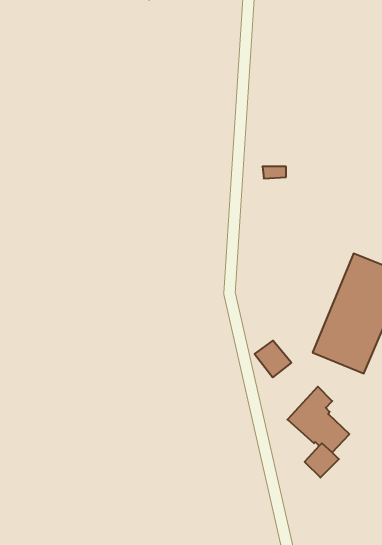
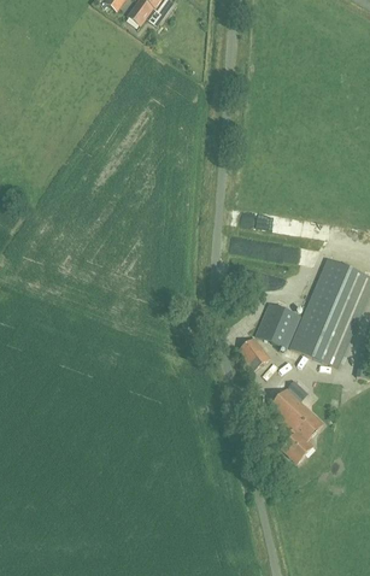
building: none -> [249,299,294,345]

